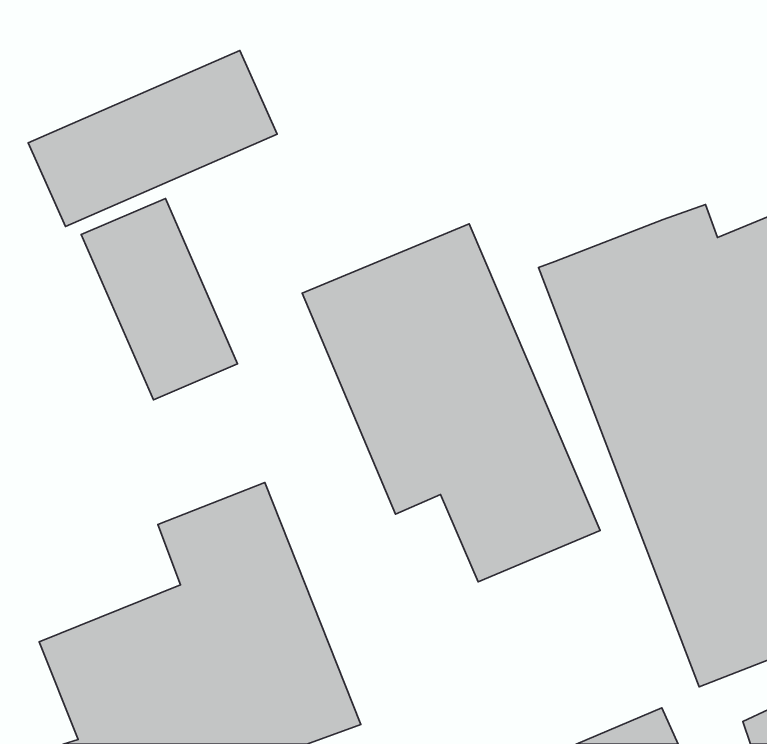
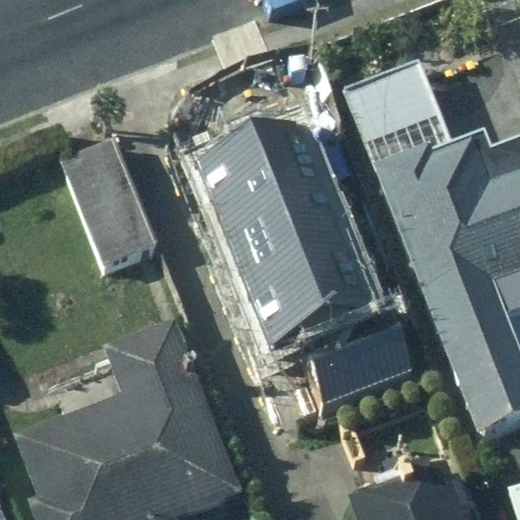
building: [28,50,277,226] -> none
building: none -> [342,64,449,177]

